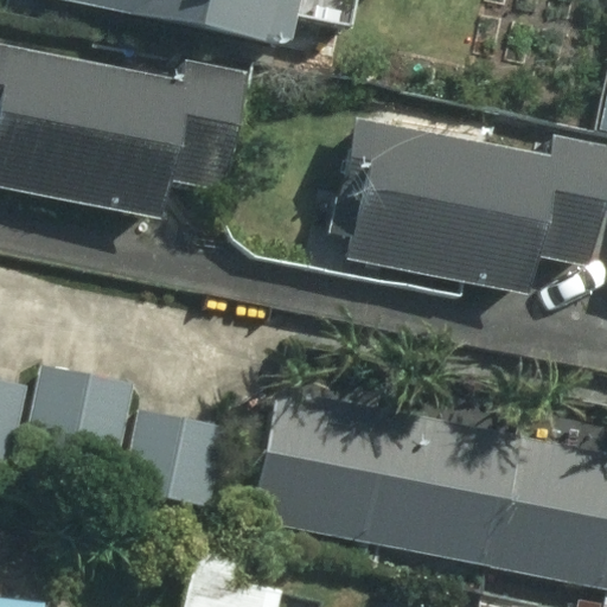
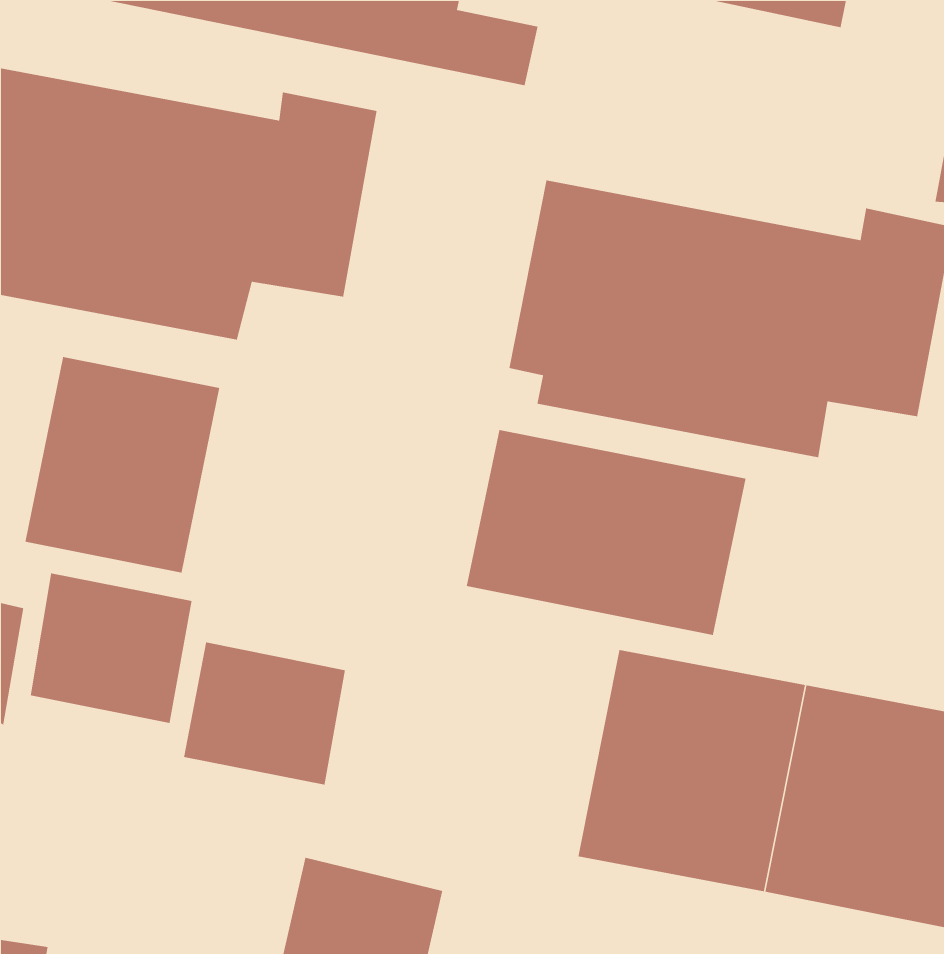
building: none -> [25,356,220,573]
building: none -> [466,429,747,636]
building: [254,389,400,544] -> none

